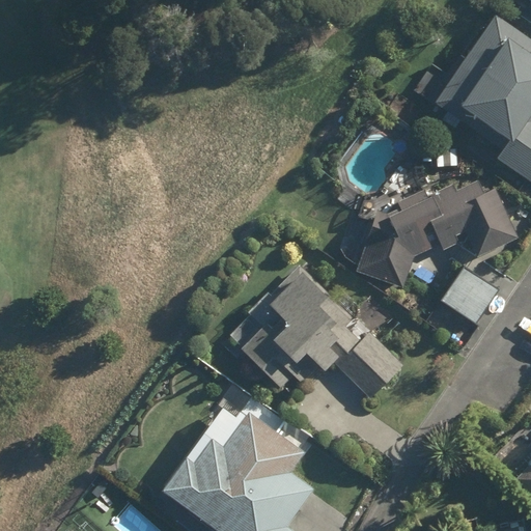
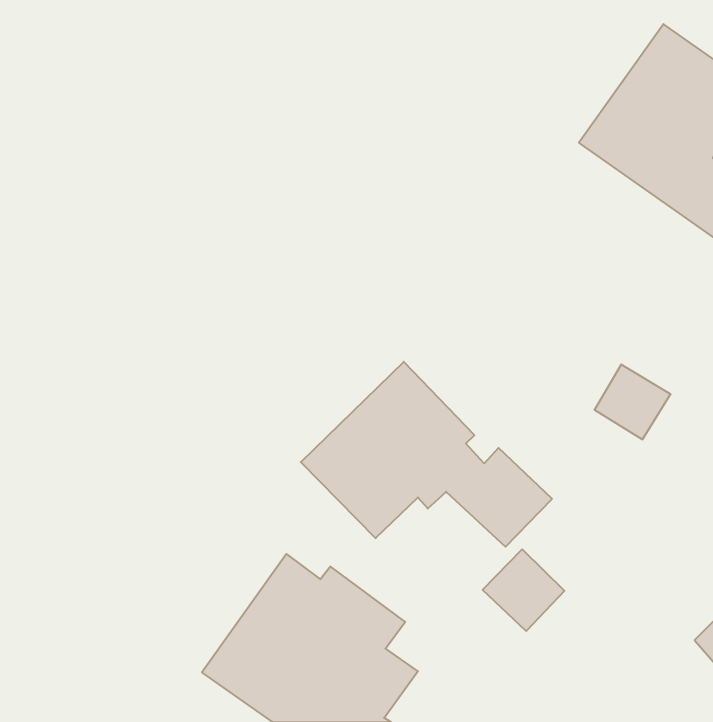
building: [360,180,516,288] -> none
building: none -> [483,549,564,631]

